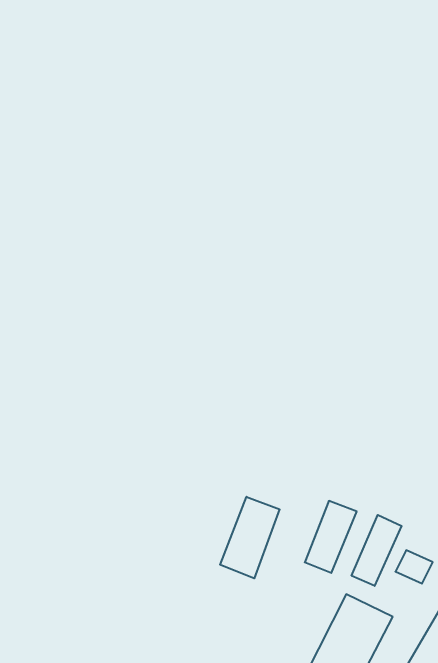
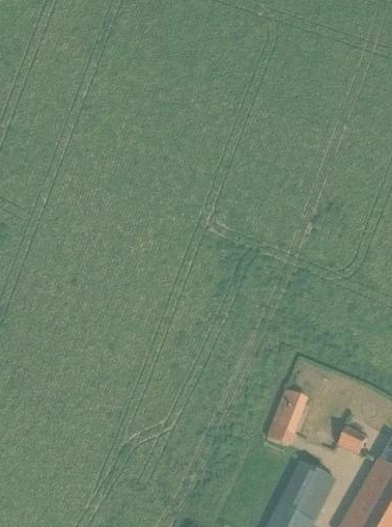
building: [220,497,280,578] -> none
building: [352,515,402,586] -> none

